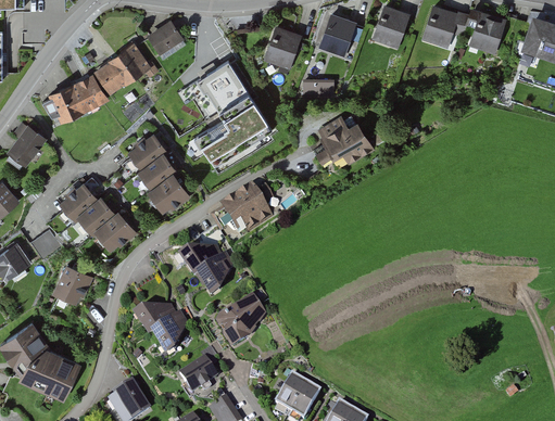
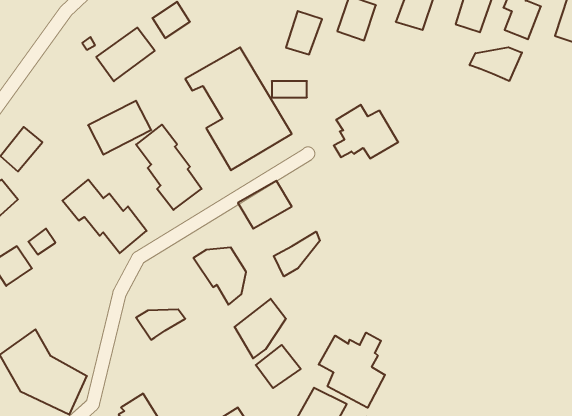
building: none -> [470,47,522,81]
building: [43,71,102,120] -> [88,101,151,155]
building: [301,77,333,92] -> [272,81,307,97]
building: none -> [274,232,320,276]
building: [59,265,94,303] -> none
building: [147,310,185,354] -> none
building: none -> [319,333,385,408]
building: none -> [256,345,301,388]
building: [176,355,216,392] -> none

